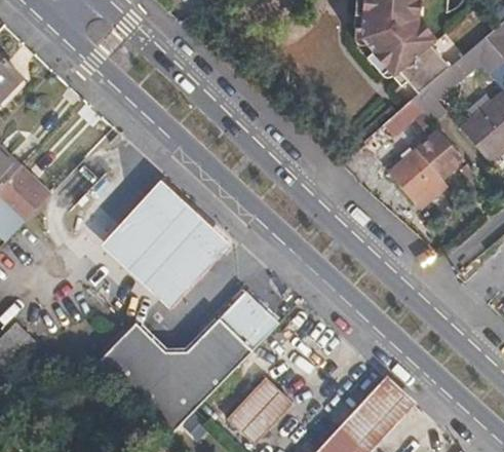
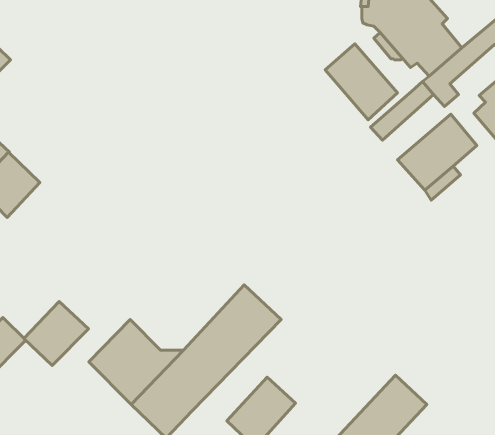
building: none -> [325,44,398,120]
building: [101,181,229,309] -> none
building: none -> [24,302,88,366]

